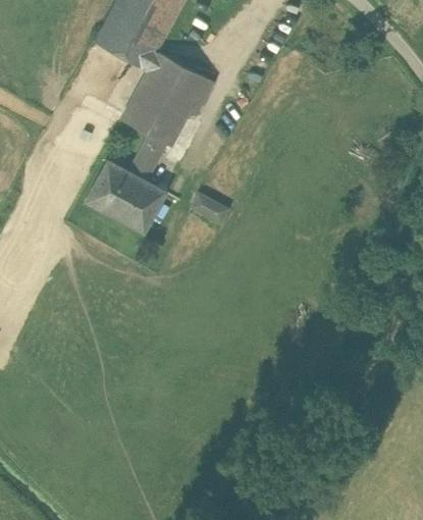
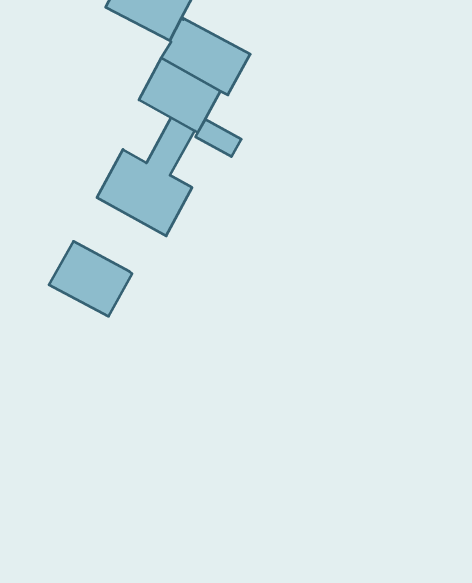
building: [191,193,228,223] -> [196,120,241,157]
building: none -> [49,241,132,316]

